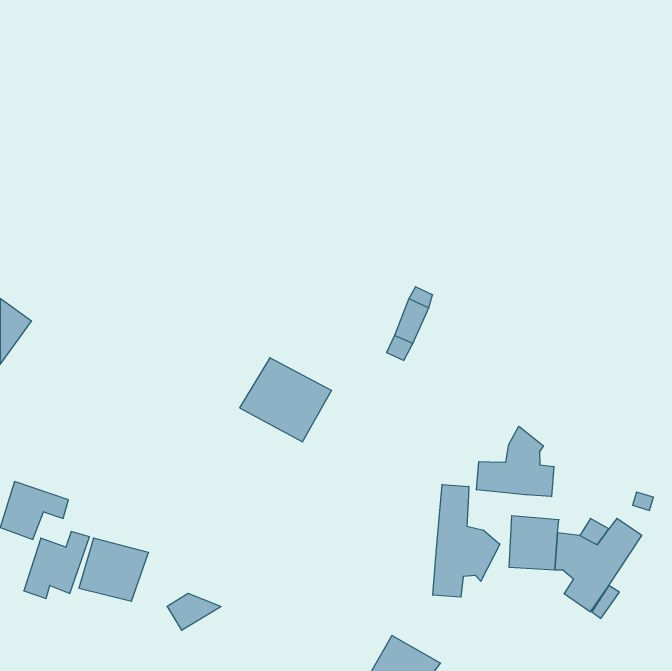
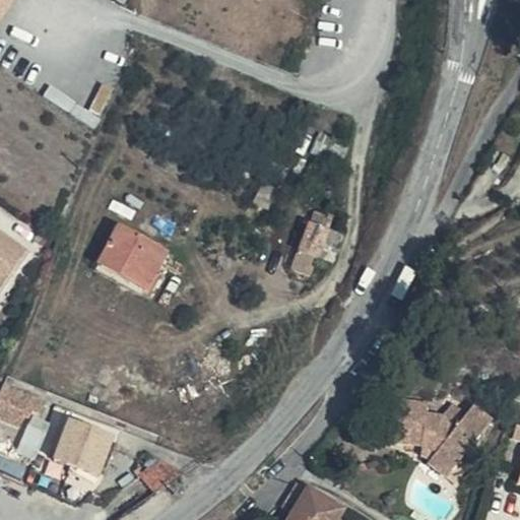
building: [240,358,332,442] -> [91,224,162,289]
building: [477,426,554,497] -> none
building: [433,484,500,597] -> none

